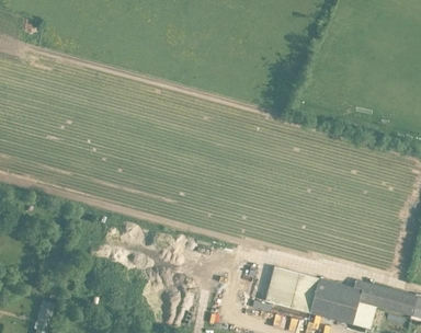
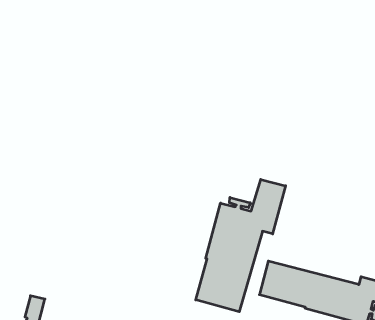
building: none -> [196,179,286,312]

